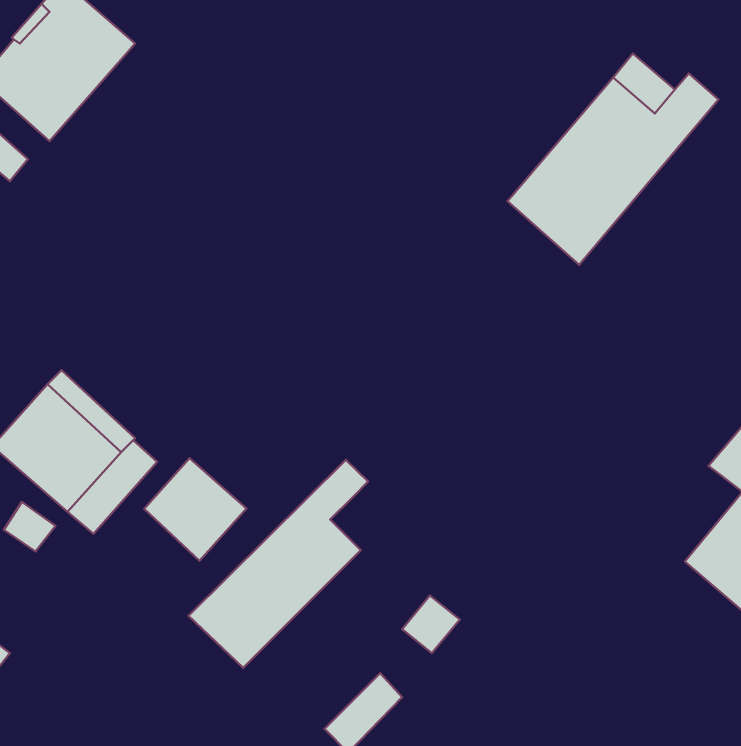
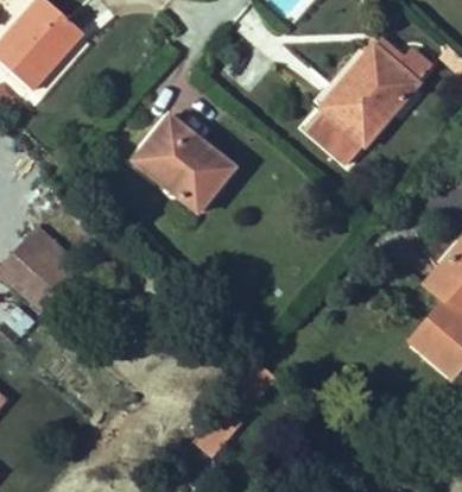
building: none -> [133,116,232,210]
building: [144,458,247,561] -> none
building: [189,460,368,668] -> none

